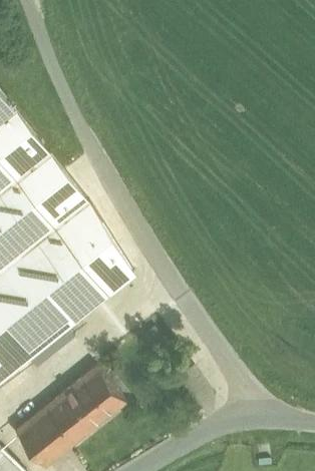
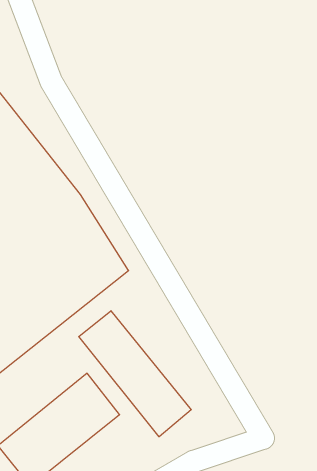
building: none -> [79,311,191,437]

